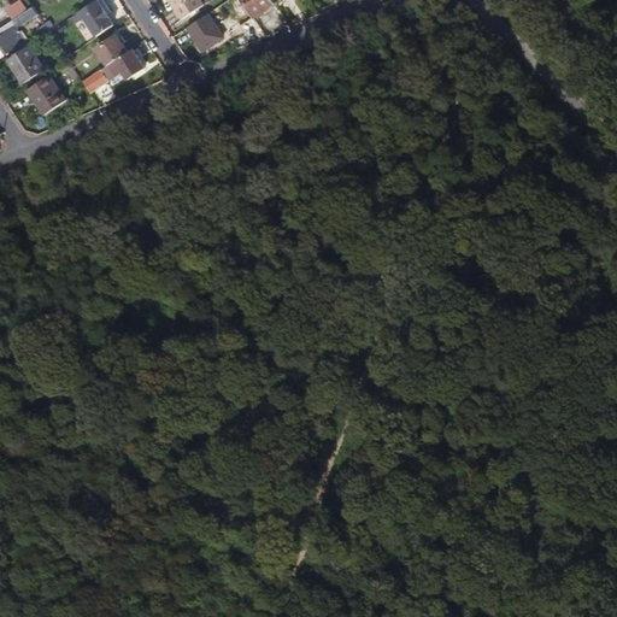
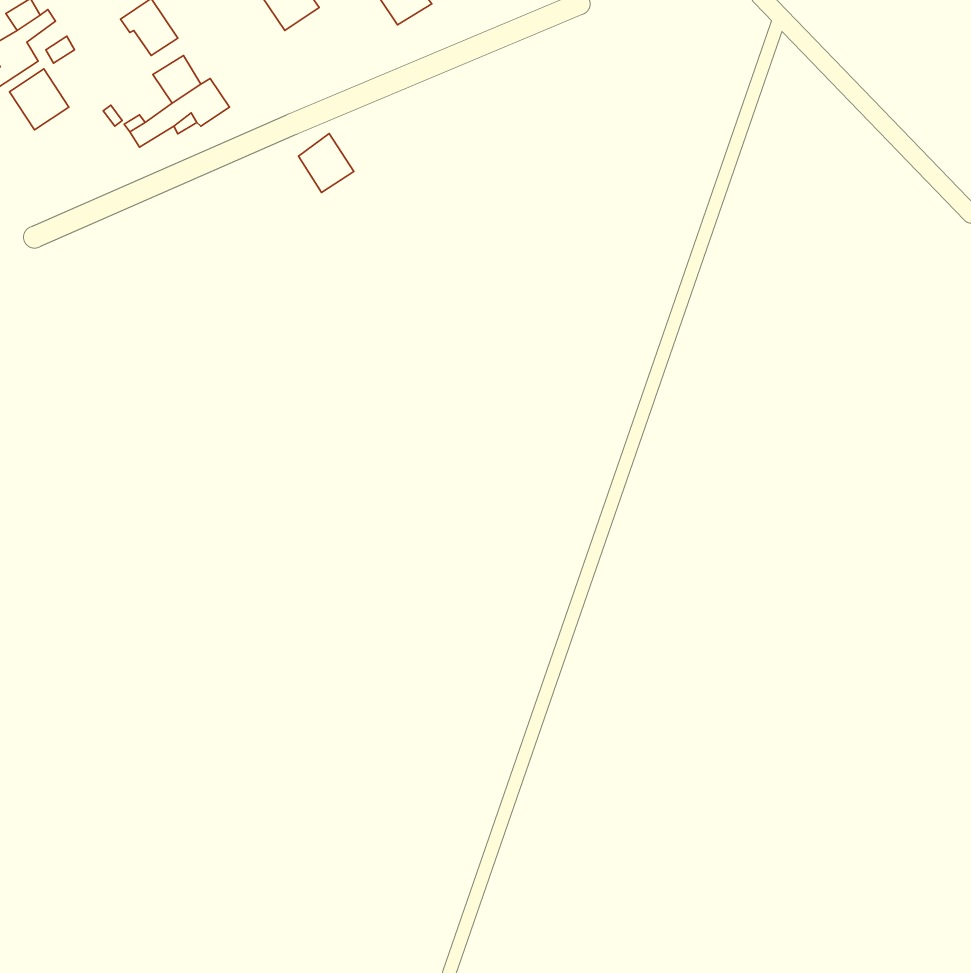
building: [187,12,222,49] -> [299,133,354,193]
building: [25,75,66,116] -> none

